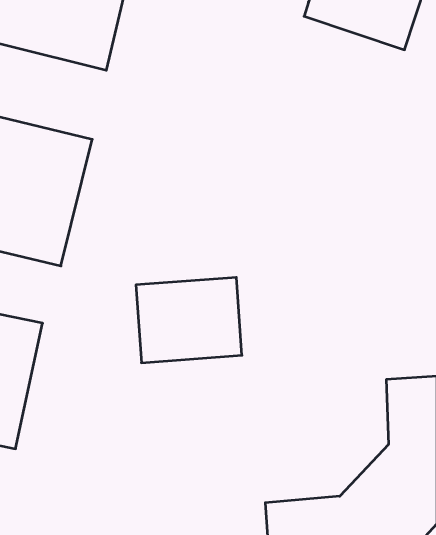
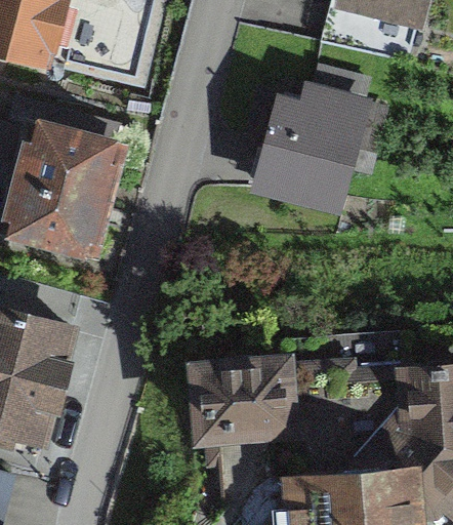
building: none -> [254,93,377,223]
building: [136,277,242,363] -> [189,359,289,440]

